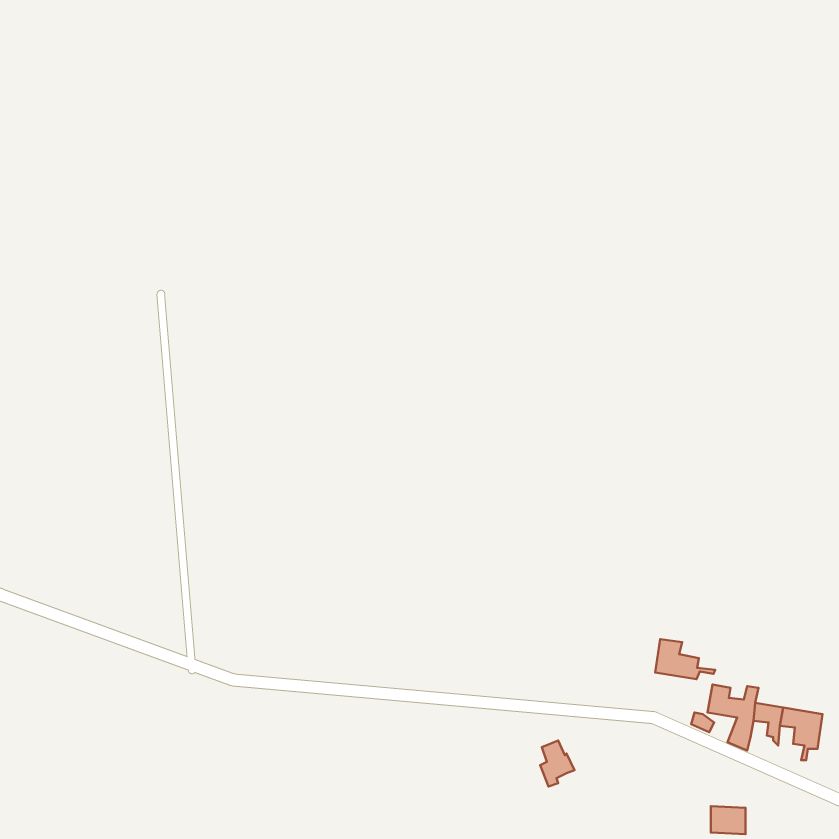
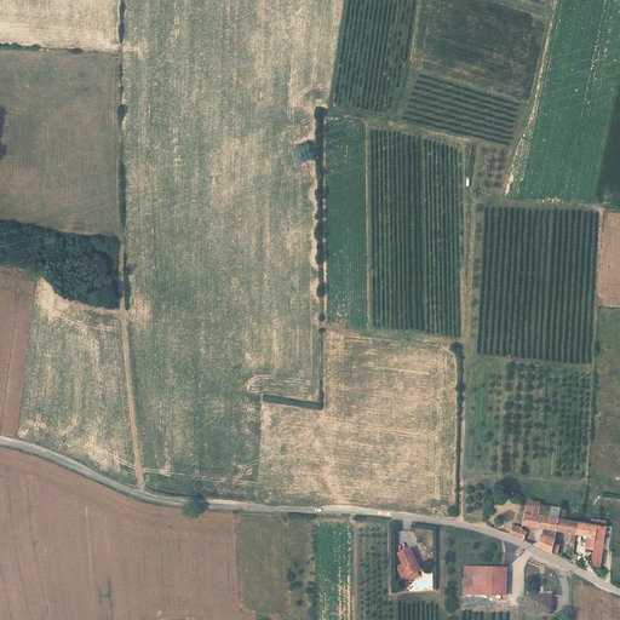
building: [655,639,715,679] -> none
building: none -> [464,566,503,595]

